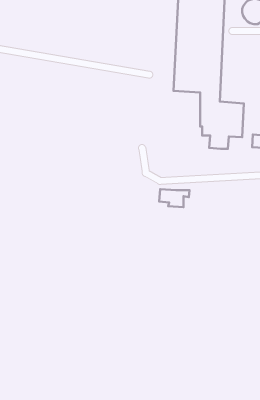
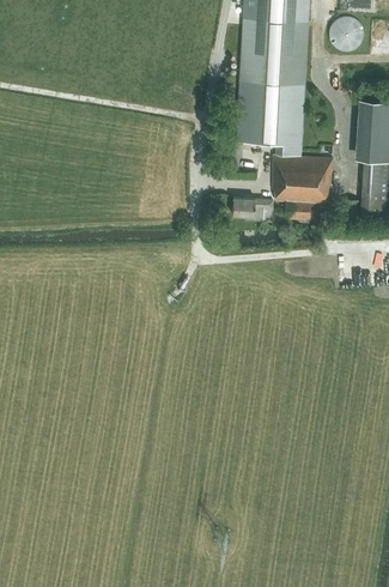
building: [159,189,190,207] -> [232,195,273,219]

